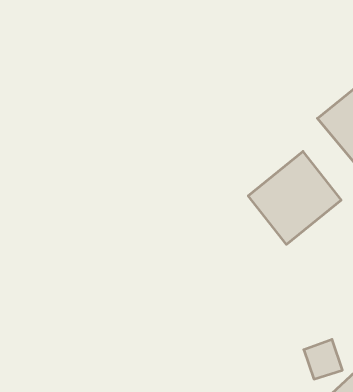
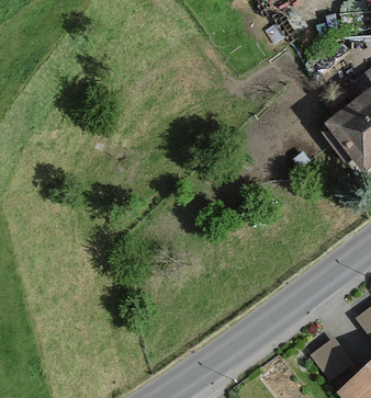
building: [248,151,341,244] -> none

